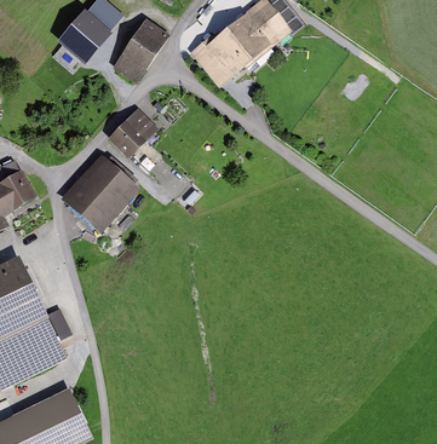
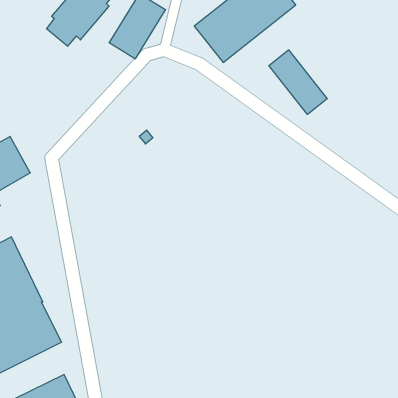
building: none -> [269,50,327,114]
building: [111,109,157,156] -> none
building: [64,156,138,231] -> none

